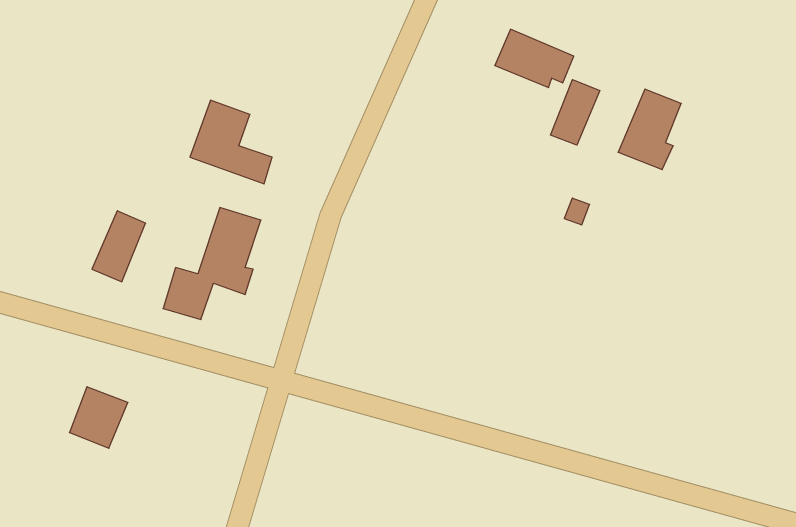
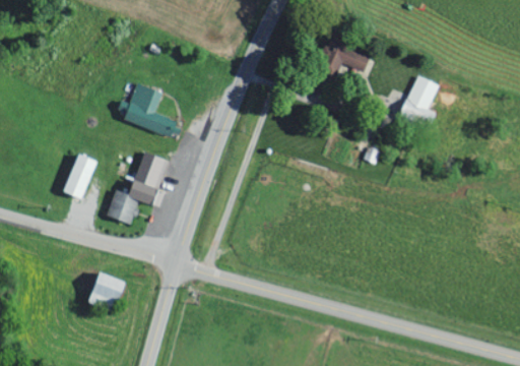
building: [551,80,600,145] -> none
building: [69,387,128,448] -> [85,271,123,311]

